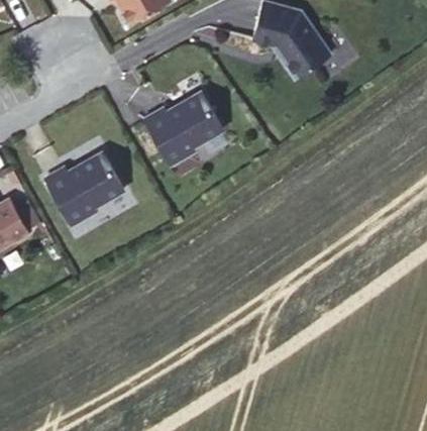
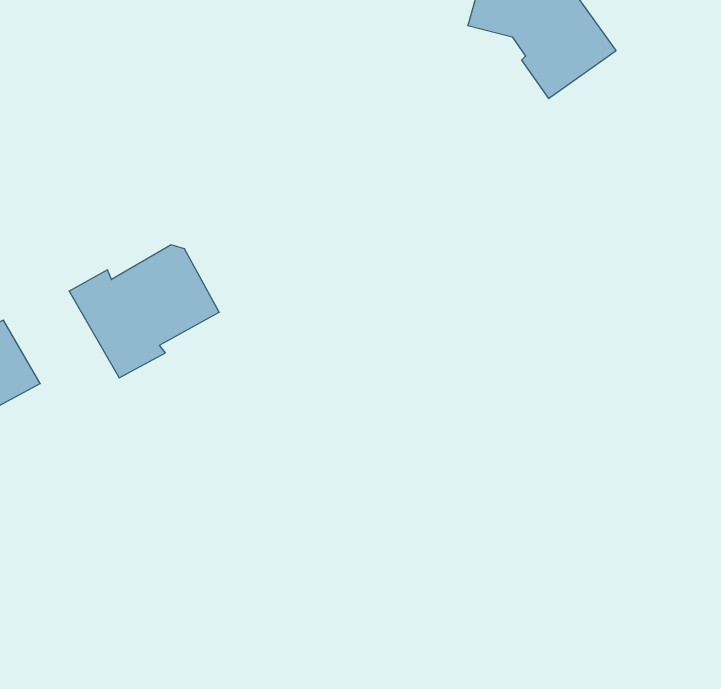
building: [145,93,224,166] -> none

